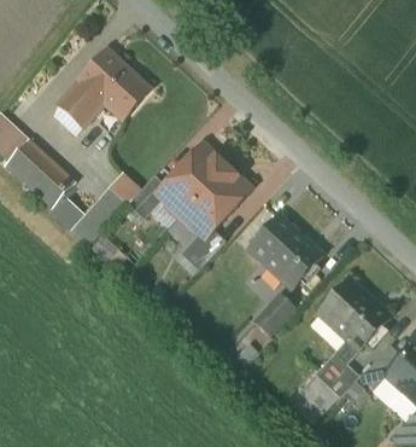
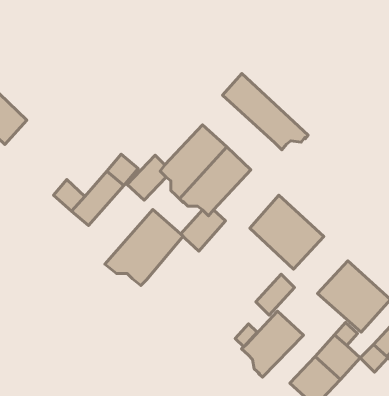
building: [59,48,150,126] -> none
building: none -> [222,73,308,150]
building: [6,139,75,205] -> none
building: none -> [105,210,183,285]
building: none -> [242,311,303,377]

